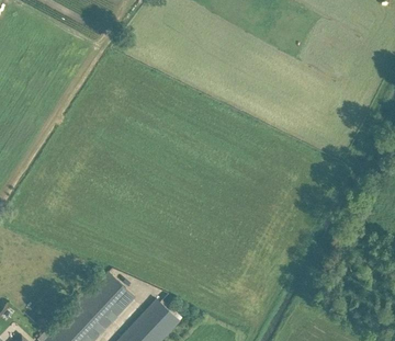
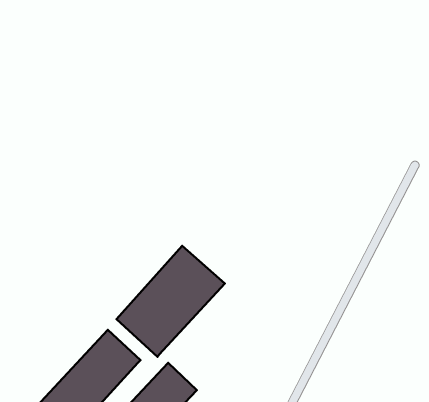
building: none -> [116,246,225,357]

